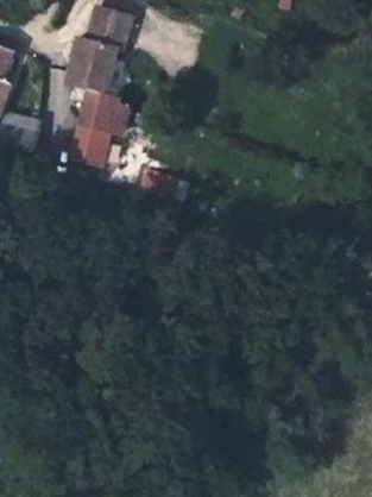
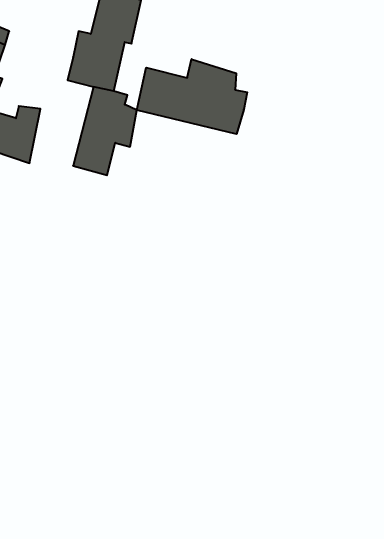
building: none -> [137,59,247,134]

